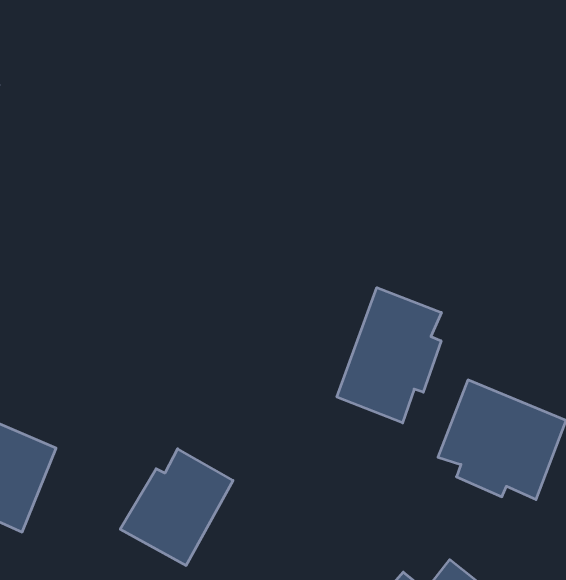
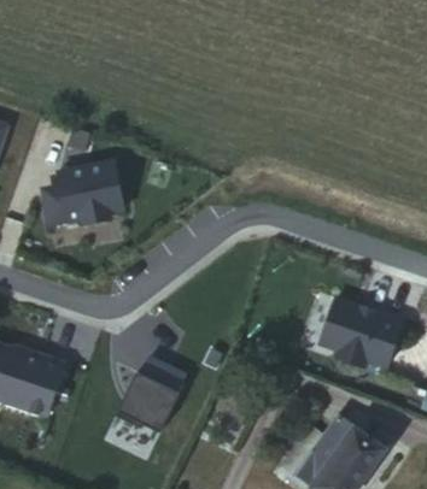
building: none -> [39,157,125,226]
building: [337,288,441,423] -> none

